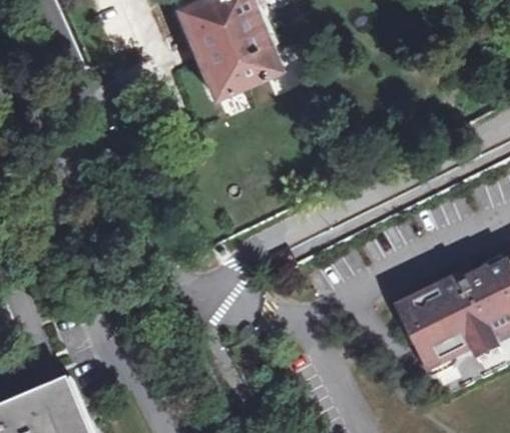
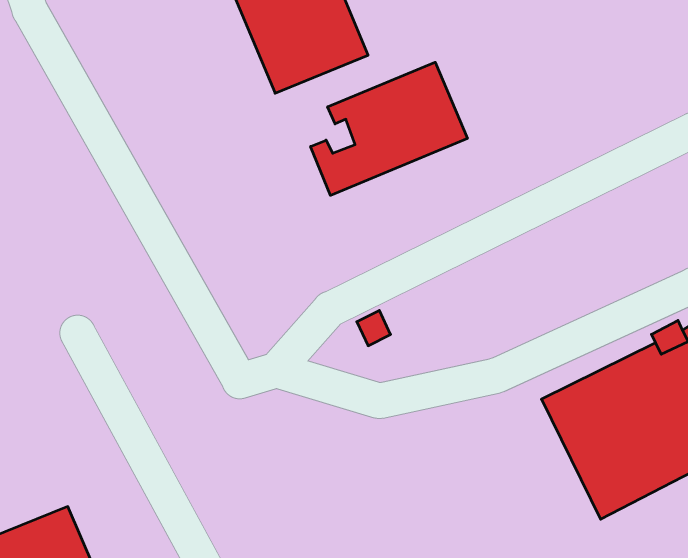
building: none -> [311,62,467,195]

